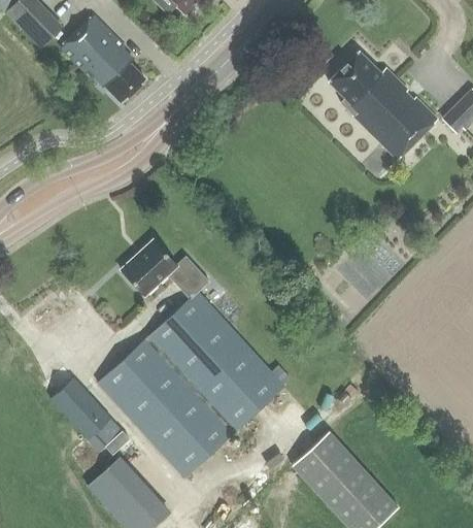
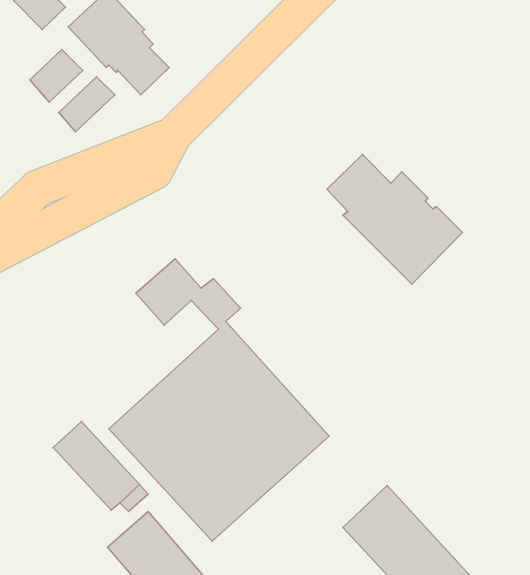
building: [326,53,439,161] -> [327,155,462,284]
building: none -> [30,50,83,102]
building: none -> [59,77,115,132]

